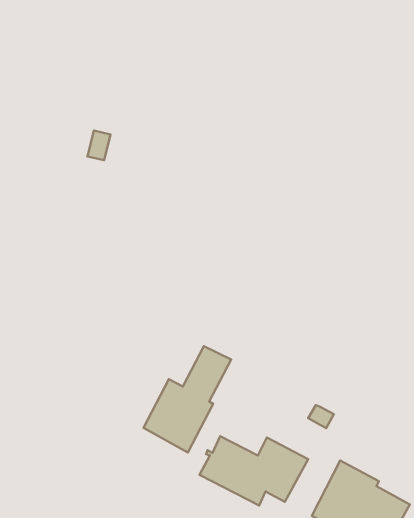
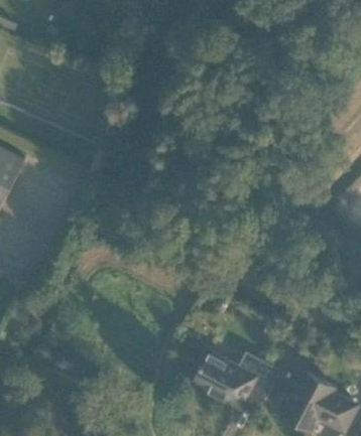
building: [144,346,231,452] -> none

